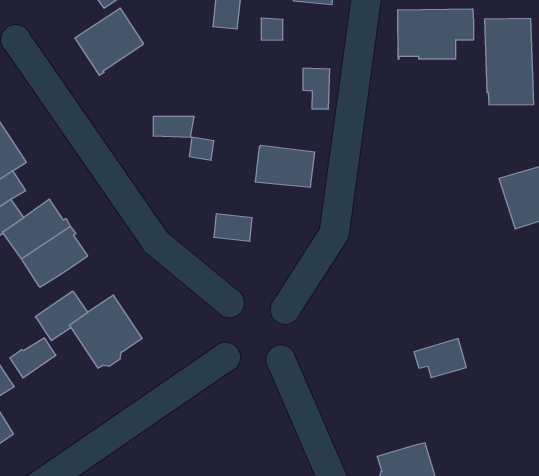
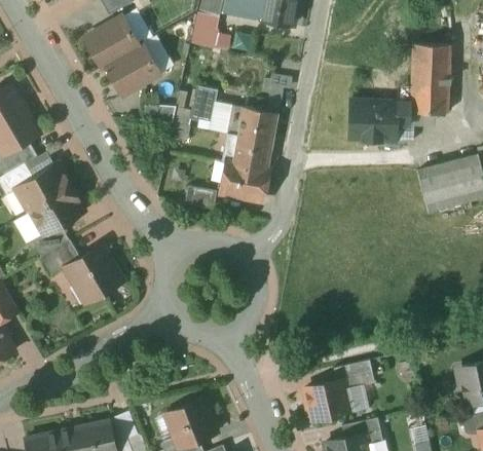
building: [397,9,474,59] -> [349,100,412,142]
building: none -> [105,43,159,96]
building: none -> [190,86,218,124]
building: none -> [227,106,276,142]
building: none -> [221,163,268,201]
building: [10,338,56,378] -> [32,226,69,257]
building: [414,339,466,378] -> [333,360,374,389]

